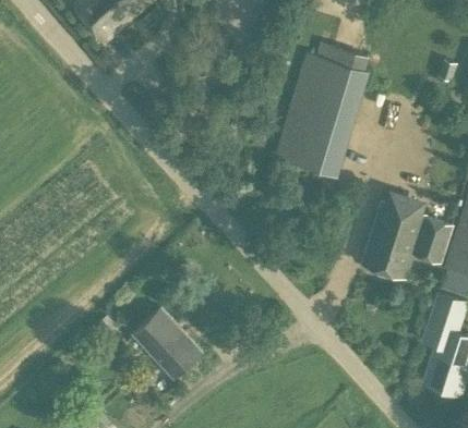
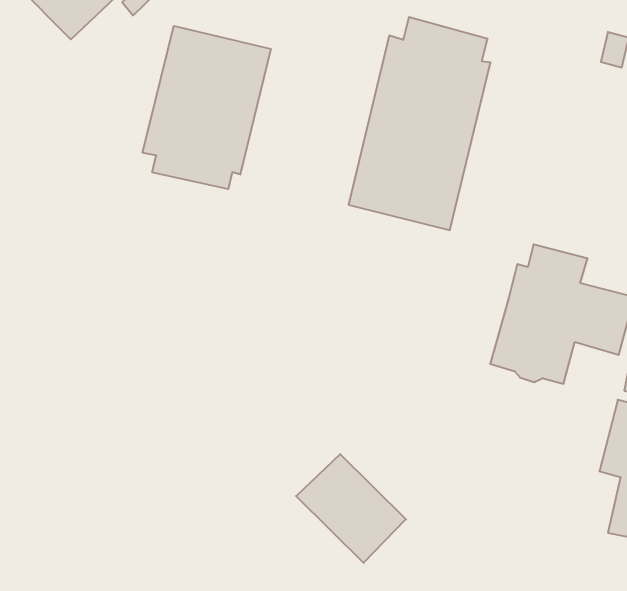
building: none -> [143,26,271,189]
building: [132,311,201,381] -> [296,454,406,563]

